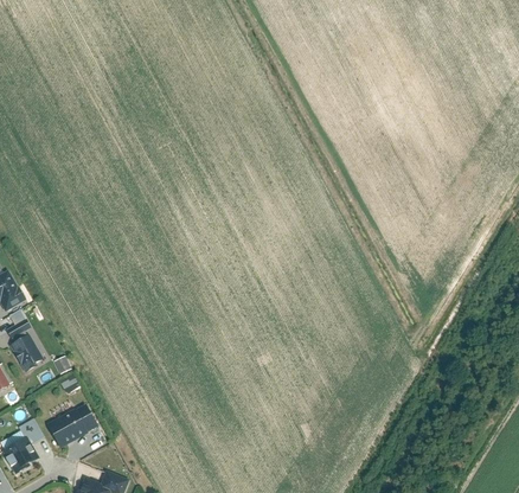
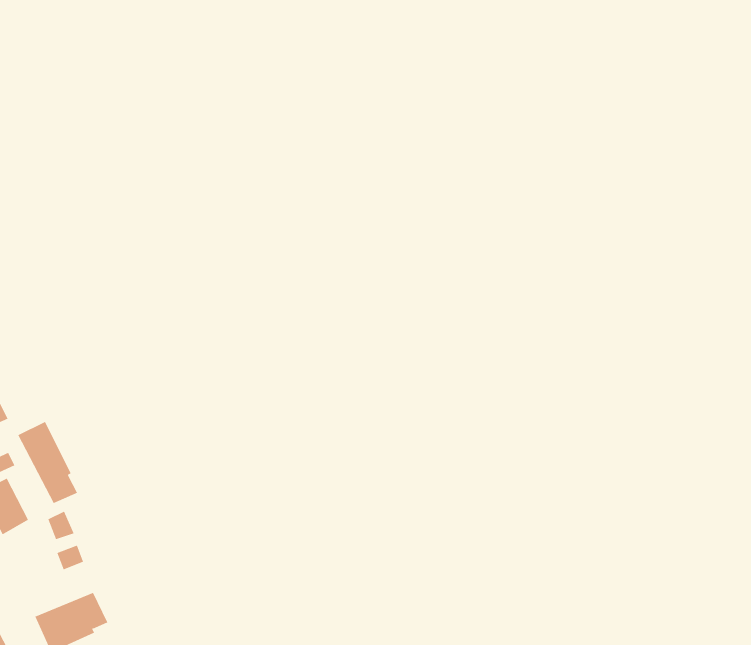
building: none -> [17,421,78,504]

